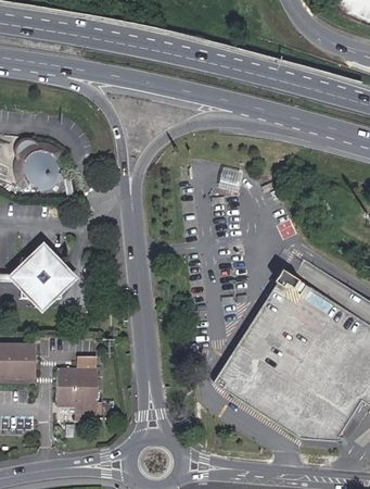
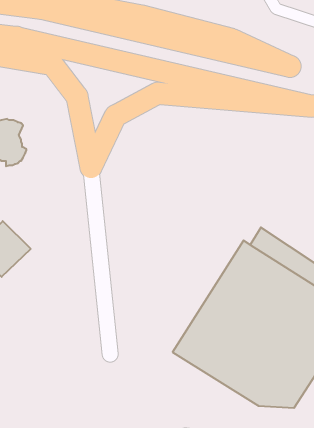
building: [56,350,101,413] -> none

